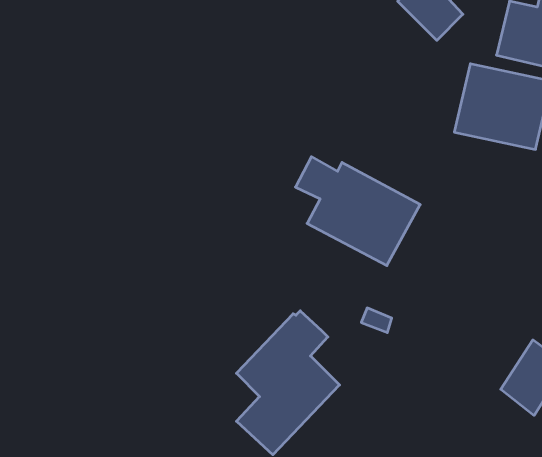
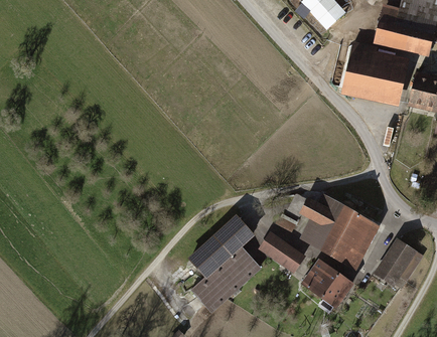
building: [295,157,420,266] -> [294,192,381,268]
building: none -> [260,232,305,273]
building: none -> [302,259,354,311]

